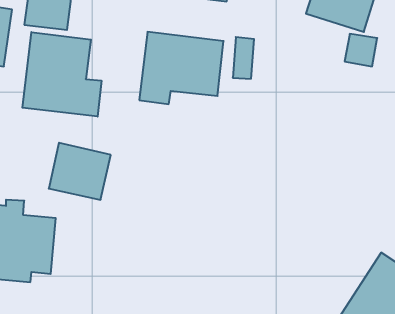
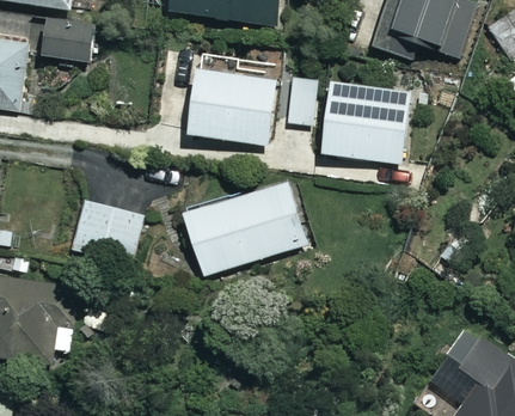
building: [22,32,101,117] -> none
building: none -> [317,79,409,163]
building: none -> [186,182,311,277]

